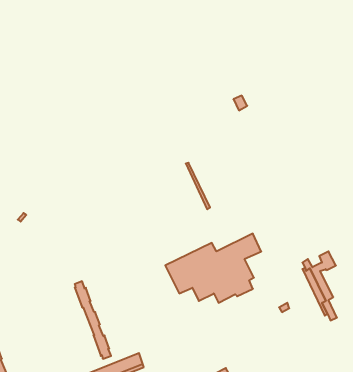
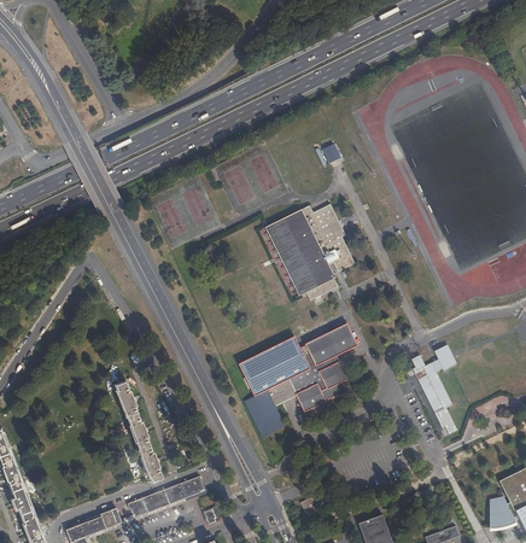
building: none -> [265,204,353,299]
building: none -> [245,391,286,437]

